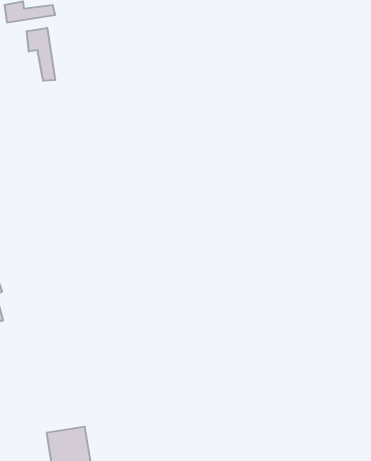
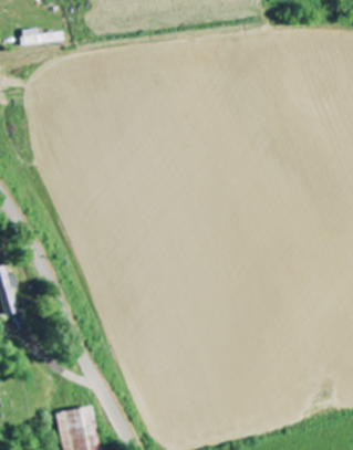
building: [27,28,55,81] -> none

